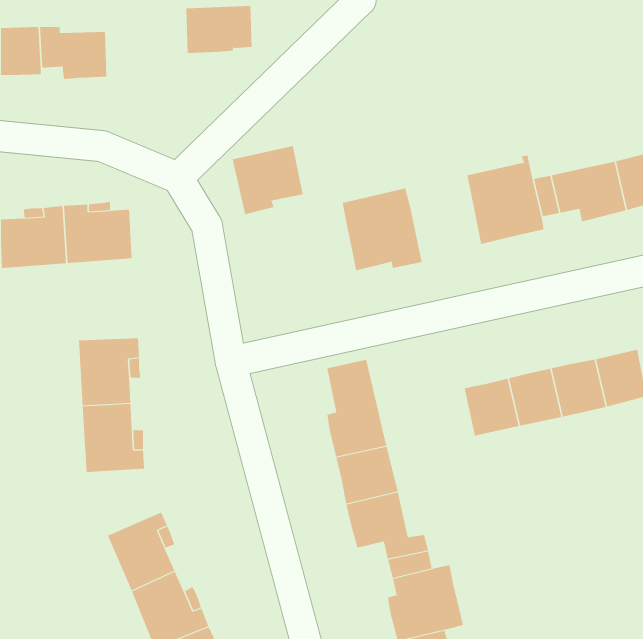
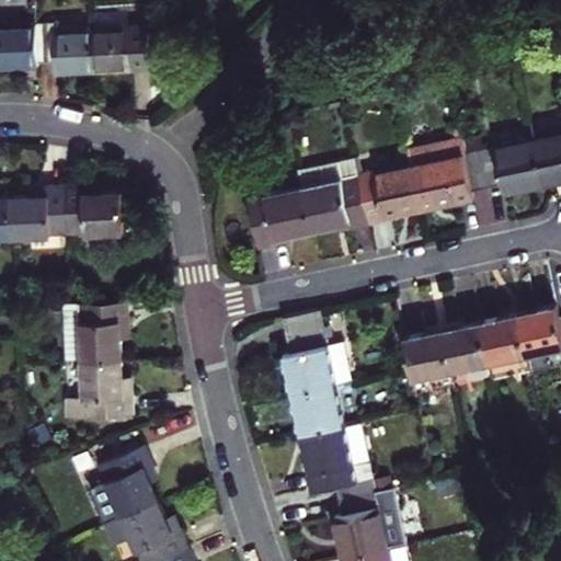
building: [186,6,252,53] -> [93,30,151,71]
building: [232,145,304,215] -> [248,197,310,257]
building: none -> [358,172,419,232]

